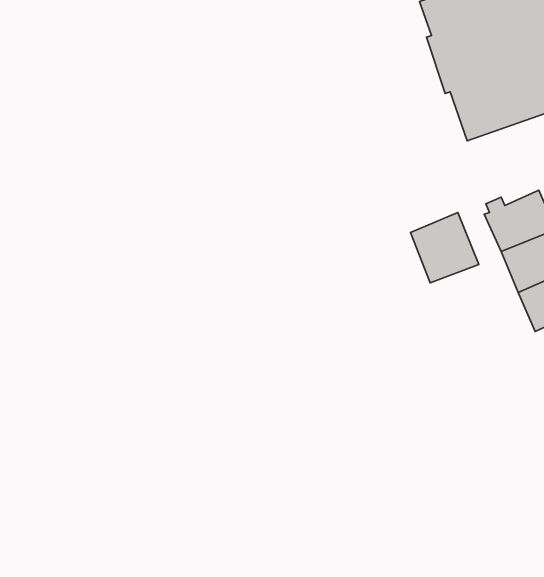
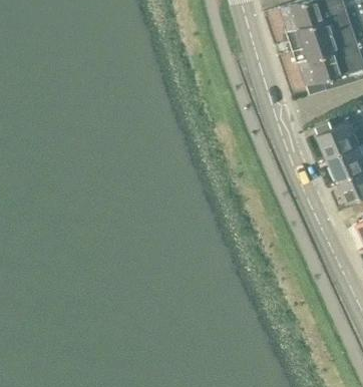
building: [411,213,479,283] -> none

